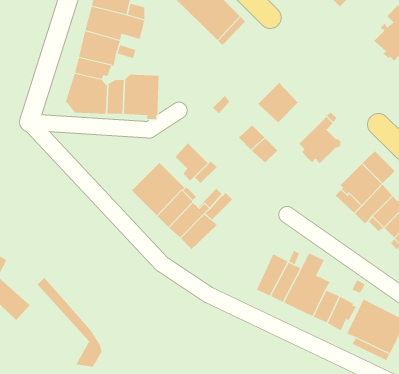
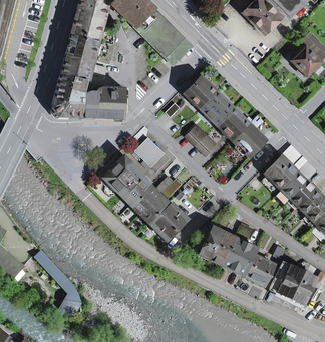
building: none -> [185,75,218,109]
building: none -> [217,108,252,140]
building: none -> [149,202,188,240]

